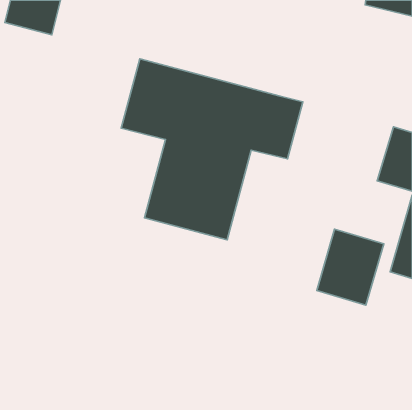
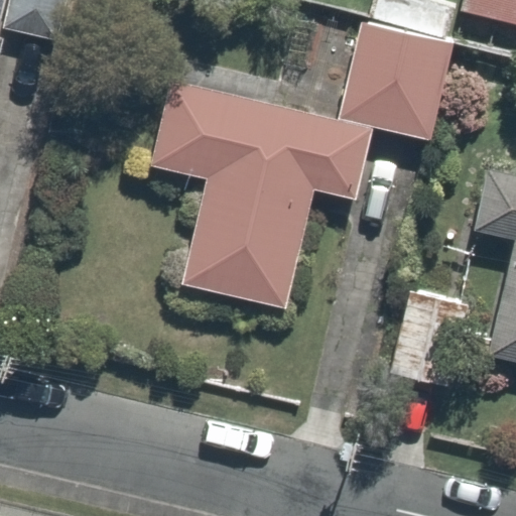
building: none -> [350,24,465,146]

